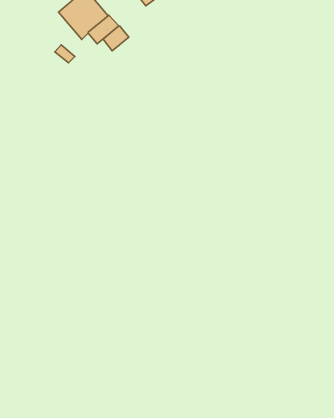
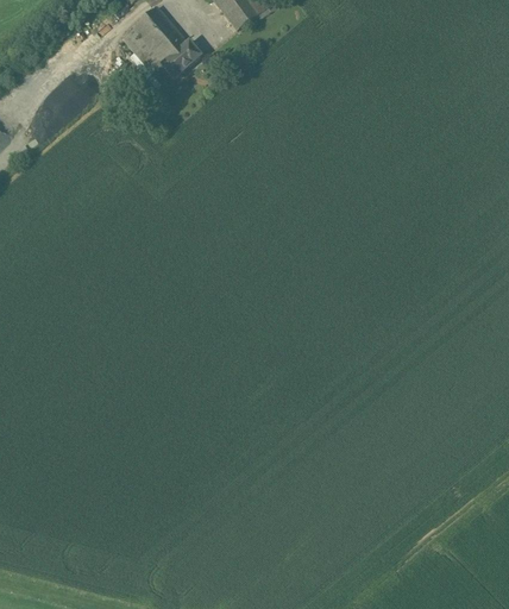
building: [103,26,129,51] -> none

